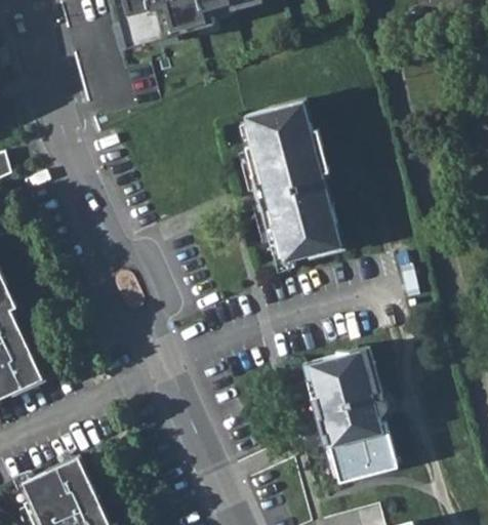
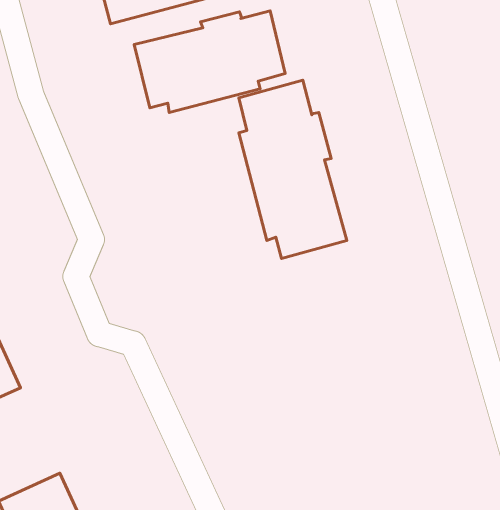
building: none -> [134,11,285,112]
building: [308,347,396,481] -> none

